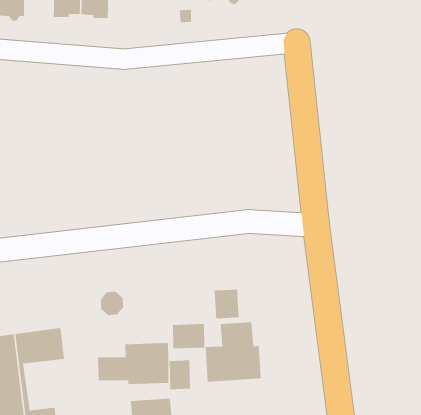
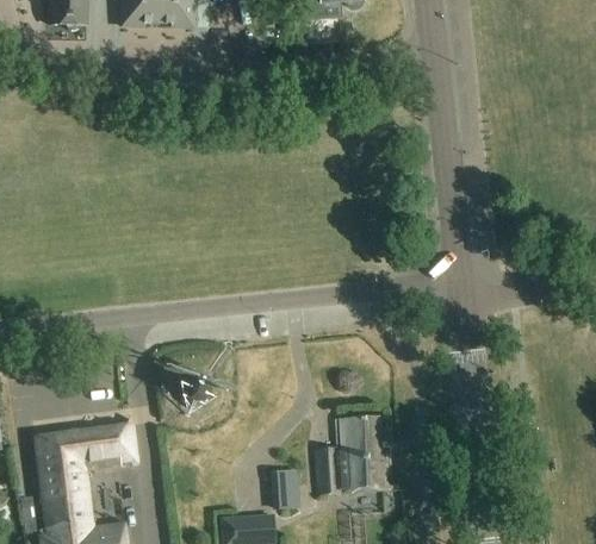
building: [214,289,239,319] -> none
building: [172,323,205,349] -> none
building: [97,342,169,385] -> none

